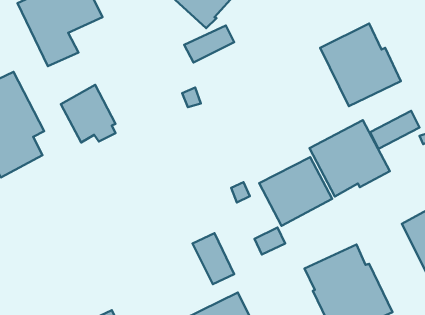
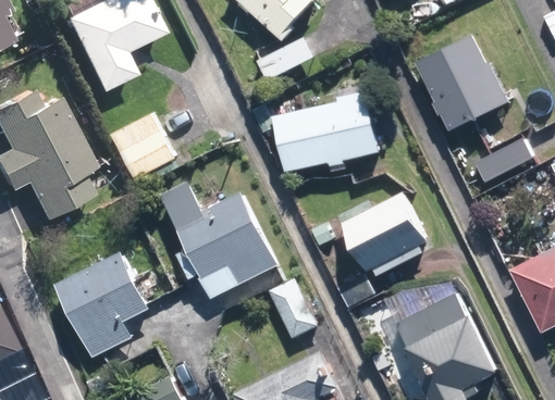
building: none -> [275,90,381,171]
building: [310,120,390,196] -> none
building: none -> [157,184,274,300]
building: none -> [51,252,146,360]

